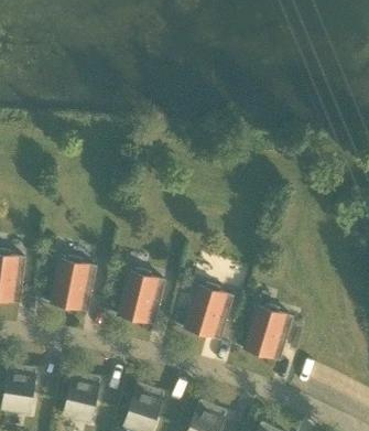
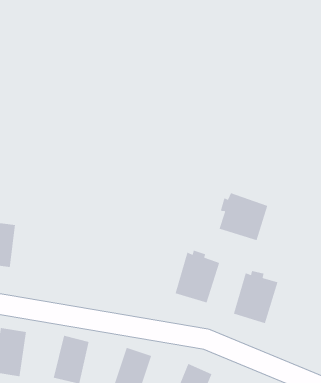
building: none -> [219,191,272,241]
building: [40,258,95,311] -> none
building: [107,270,164,325] -> none

